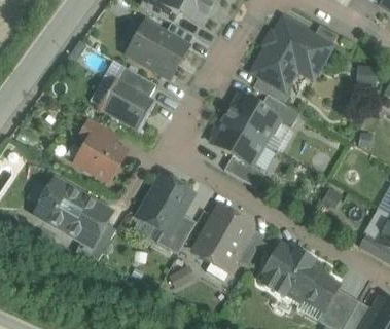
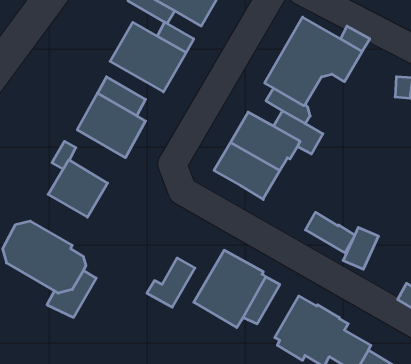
building: [224,154,264,187] -> [305,212,355,253]
building: [137,178,192,234] -> none

